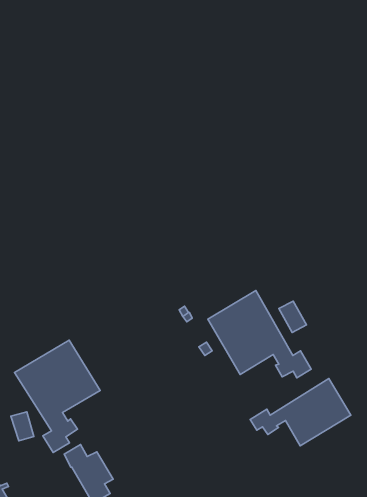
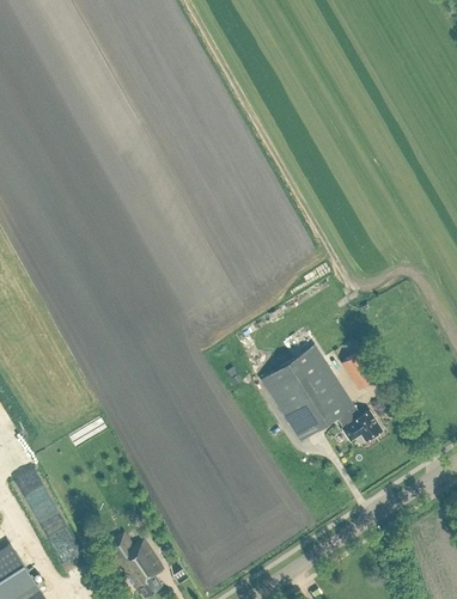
building: [15,340,100,452] -> none
building: [250,379,351,446] -> none

